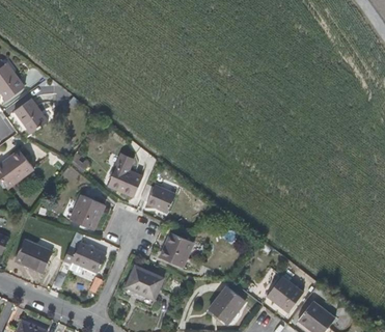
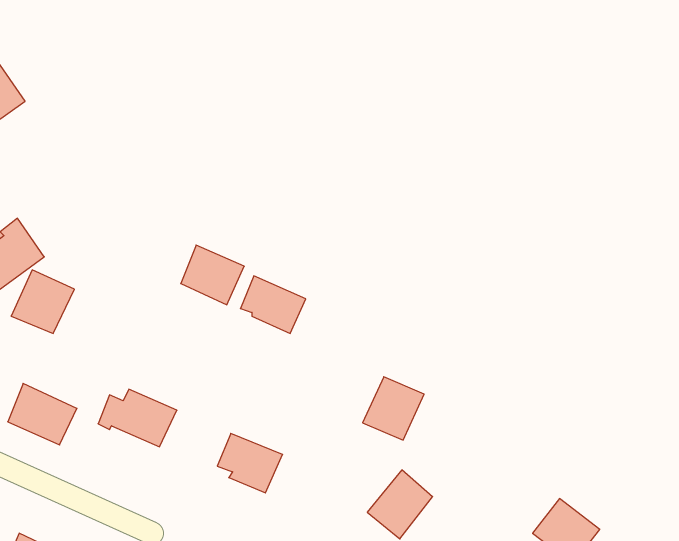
building: [15,98,48,133] -> none
building: [70,194,104,228] -> [11,270,74,333]
building: [160,231,193,266] -> [363,377,424,440]
building: [267,276,302,311] -> none

